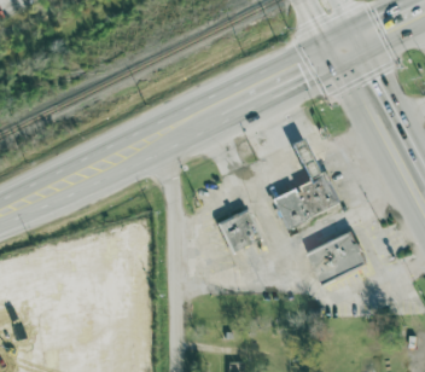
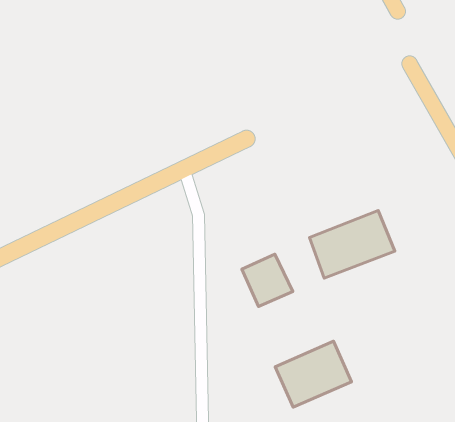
building: [308,231,369,284] -> [275,341,352,407]

